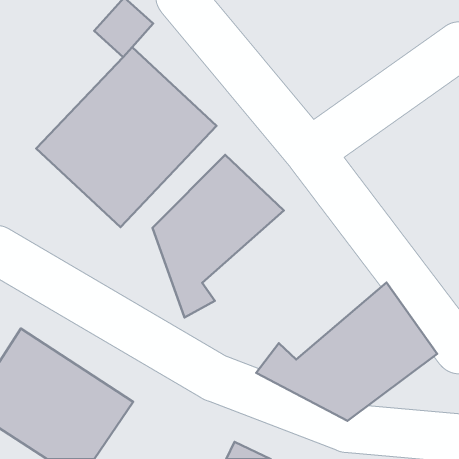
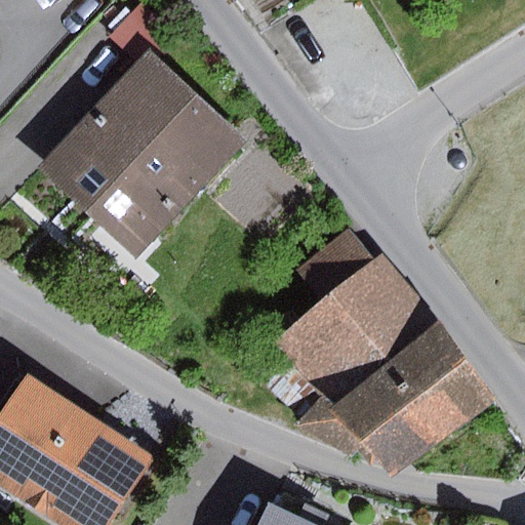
building: [152,155,284,317] -> none
building: none -> [269,224,438,407]

